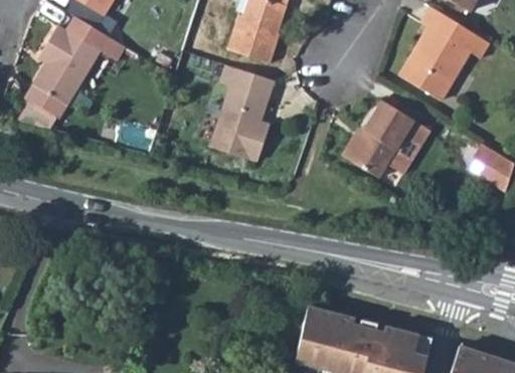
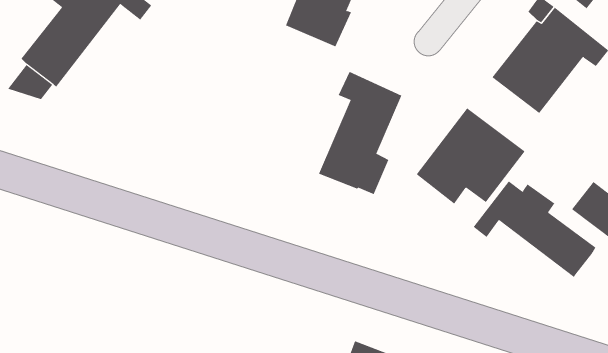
building: [214,67,275,164] -> [318,71,402,195]
building: none -> [473,180,596,278]

